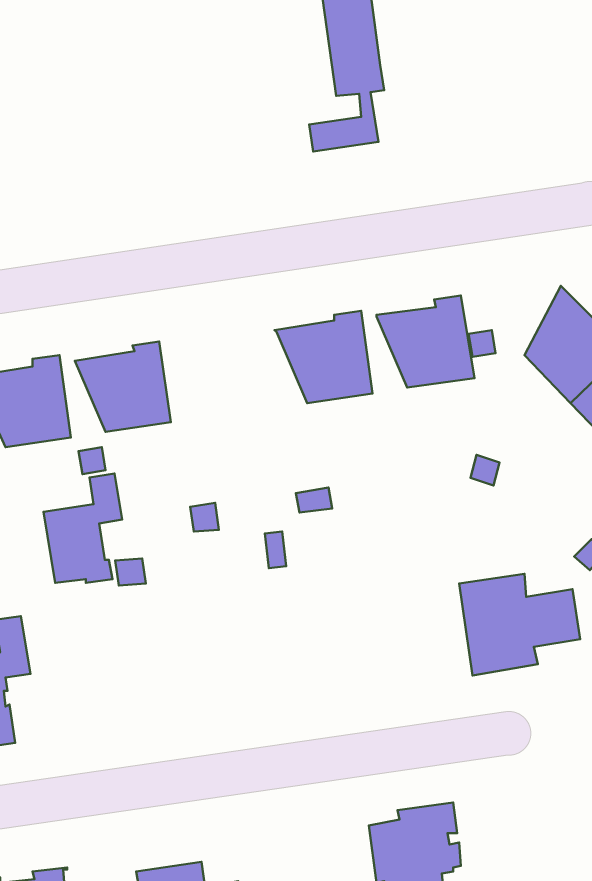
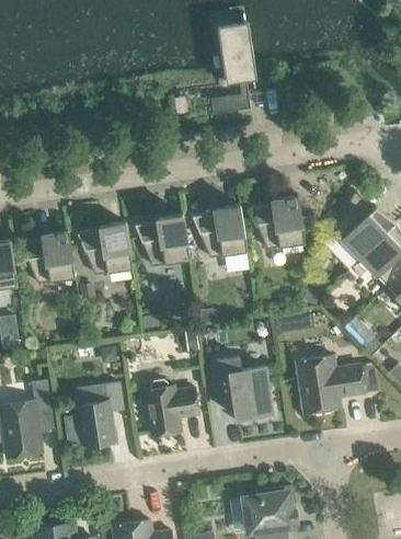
building: none -> [134,214,190,266]
building: [43,474,122,583] -> [78,382,123,445]
building: none -> [211,357,272,423]
building: none -> [144,379,198,435]

